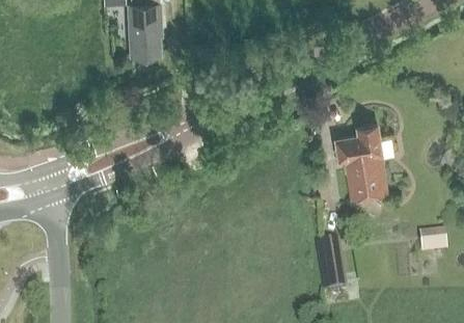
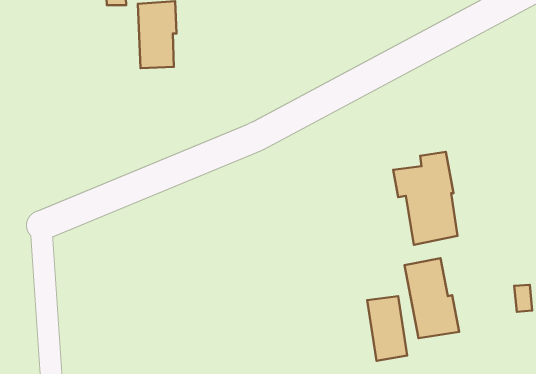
building: none -> [404,258,459,338]

